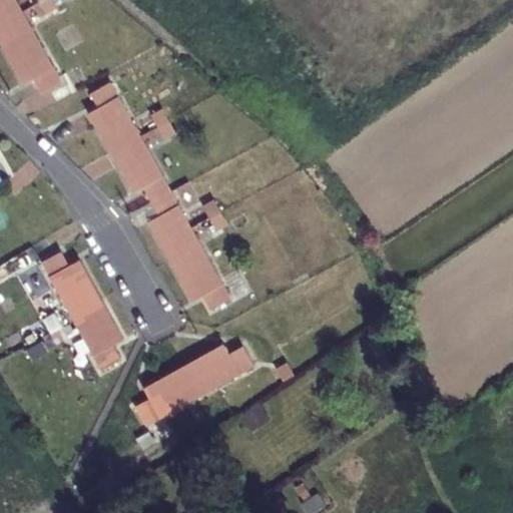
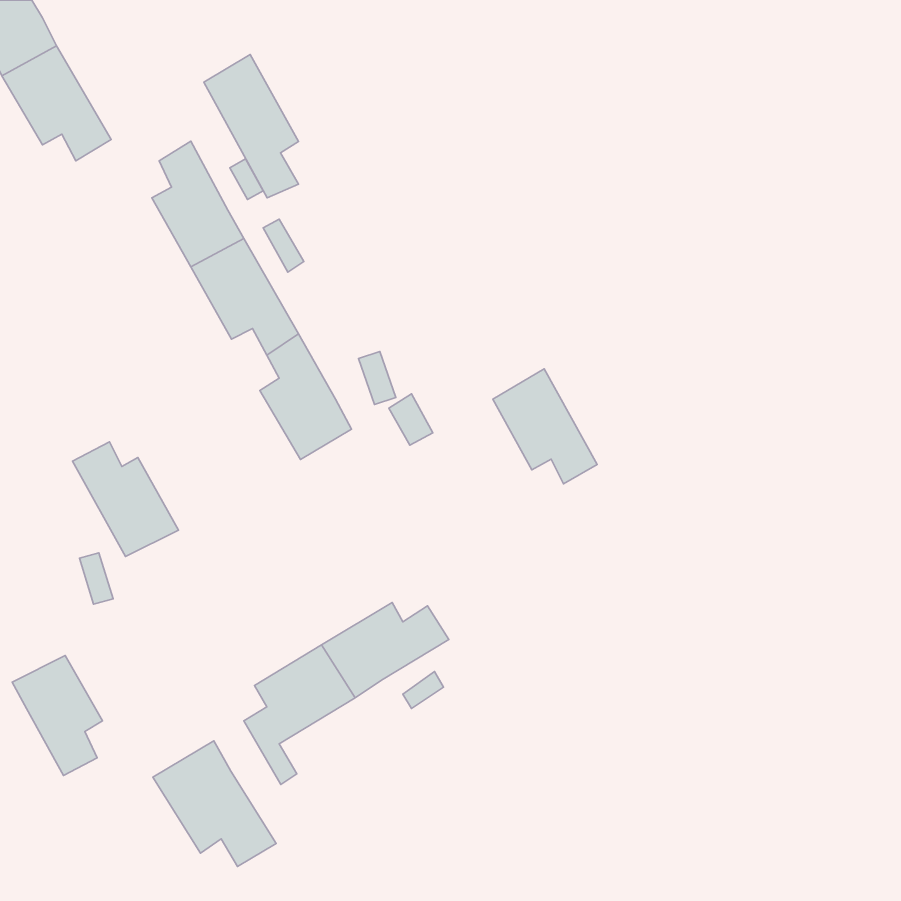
building: none -> [204,54,299,198]
building: [170,244,229,310] -> [493,369,597,484]
building: [71,302,122,370] -> [12,656,102,776]
building: none -> [153,741,276,866]

